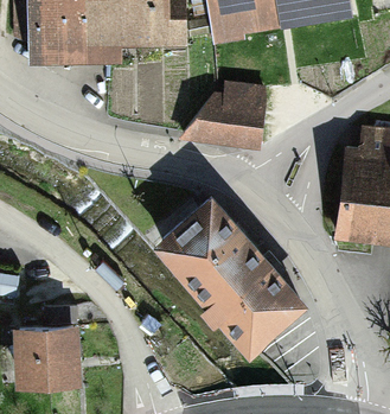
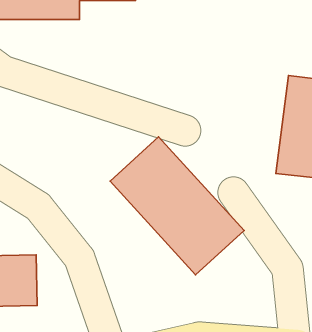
building: [191,93,262,147] -> none

